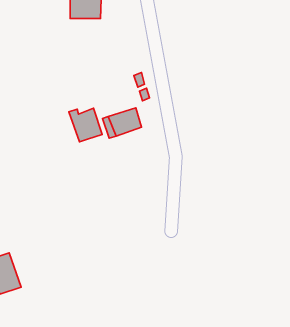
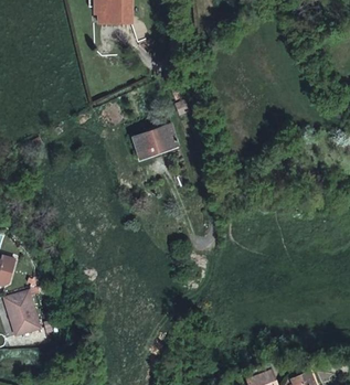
building: [69,108,102,142] -> none

